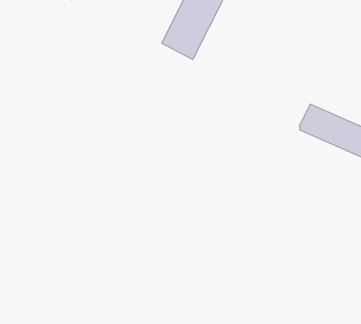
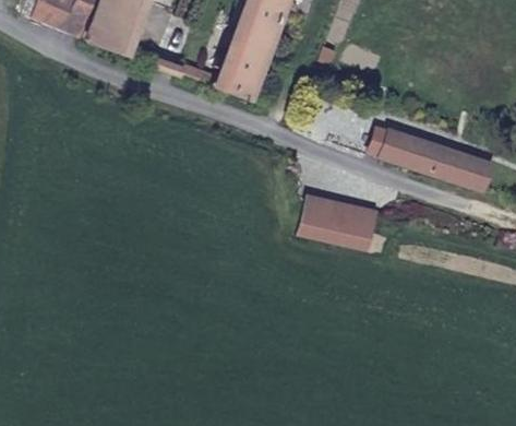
building: none -> [300,200,376,249]

